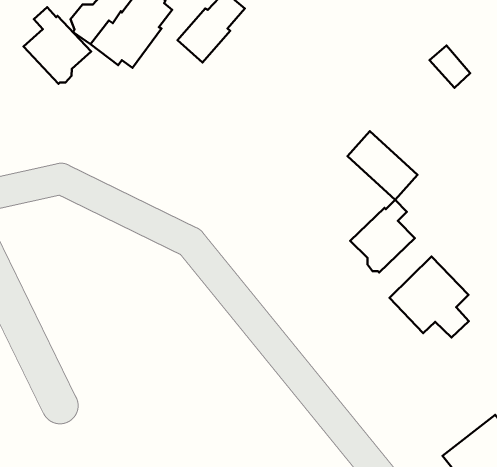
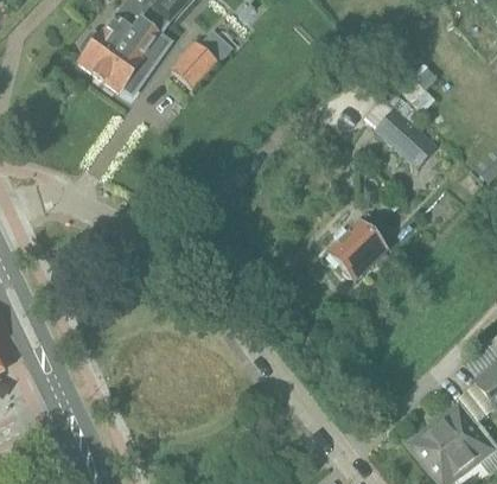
building: [24,7,91,84] -> none
building: [348,131,417,200] -> [374,107,437,168]
building: [390,256,469,338] -> none

